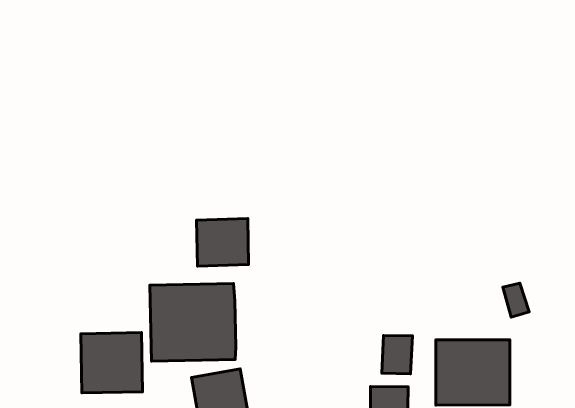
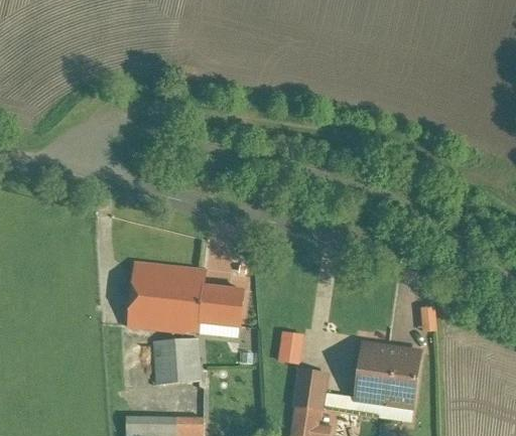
building: [197,218,249,266] -> [198,285,244,327]
building: [81,333,142,393] -> none
building: [382,335,412,374] -> [277,331,306,366]

